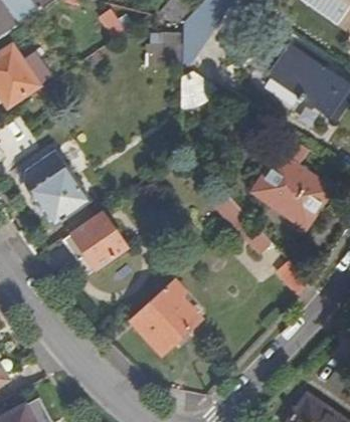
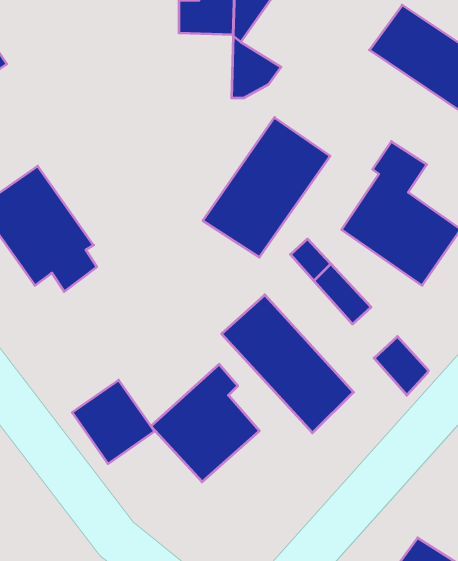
building: none -> [203,117,330,257]
building: [72,214,126,268] -> [72,380,154,464]
building: none -> [222,295,354,433]

